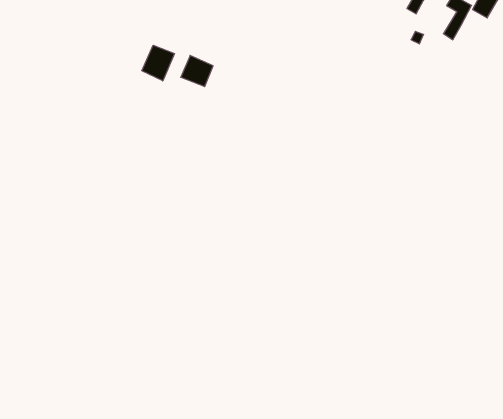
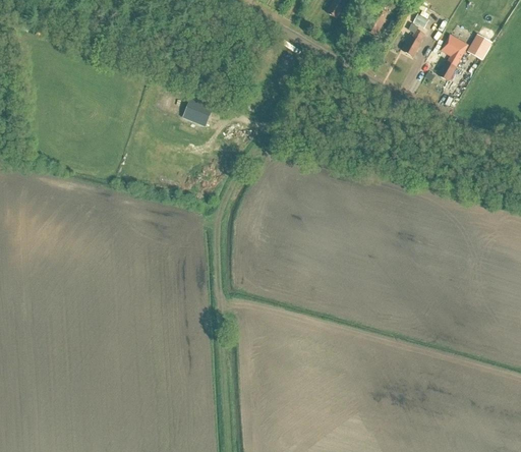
building: [142,45,174,81] -> none

